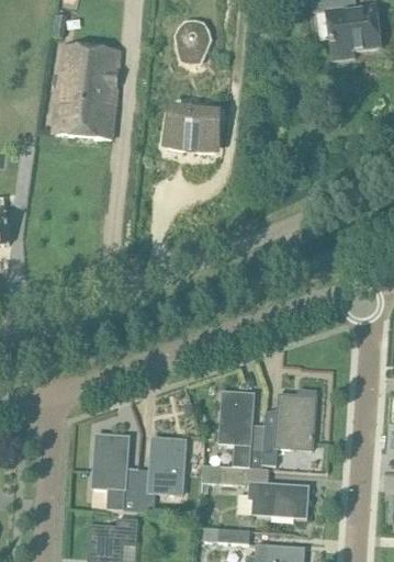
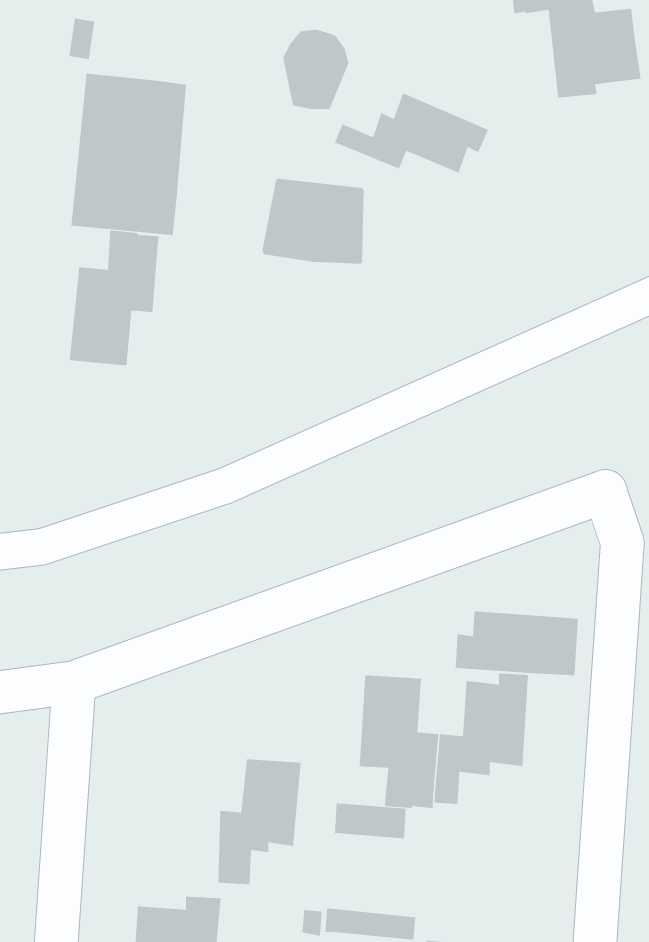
building: none -> [334,92,489,174]
building: none -> [69,230,159,366]
building: [92,434,137,509] -> none
building: [237,480,308,517] -> [455,611,579,676]

